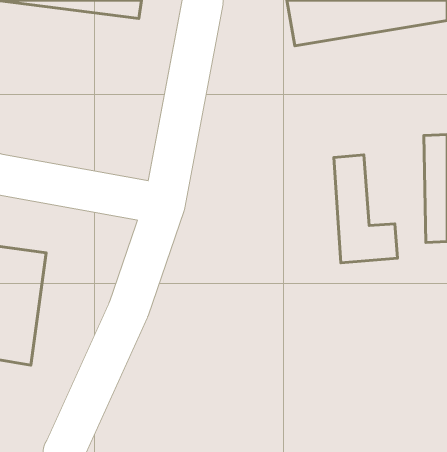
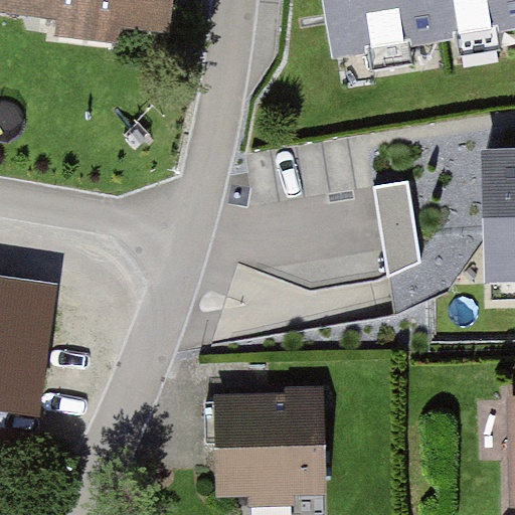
building: none -> [213,389,332,498]

